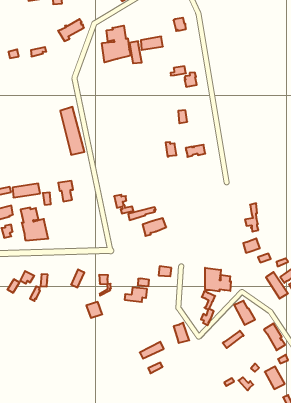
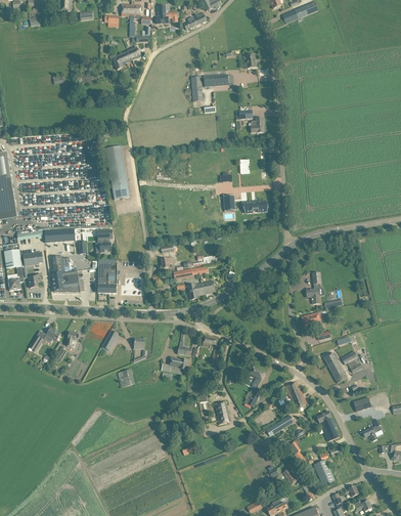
building: [102,26,130,62] -> none
building: none -> [97,259,117,292]
building: [205,268,231,291] -> none

